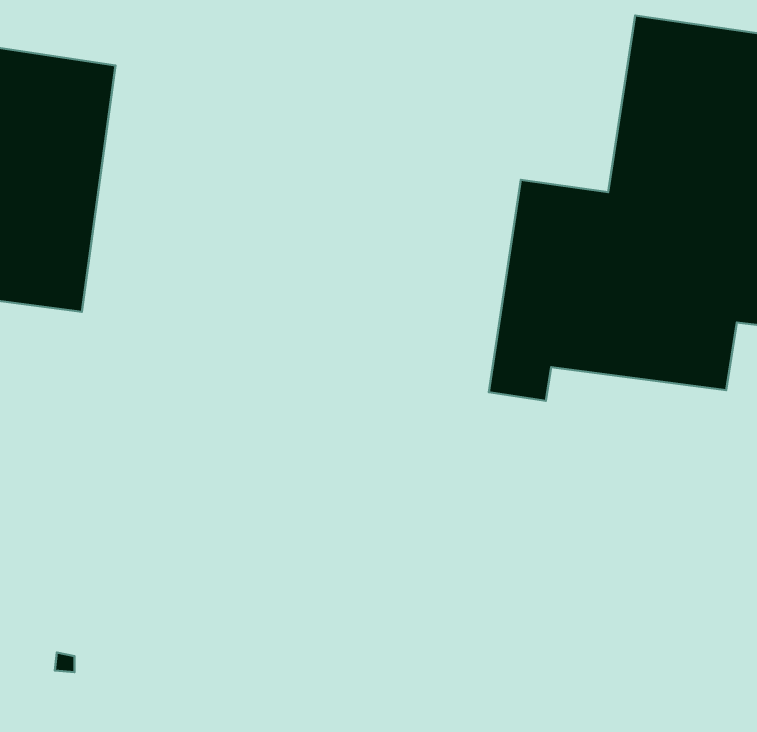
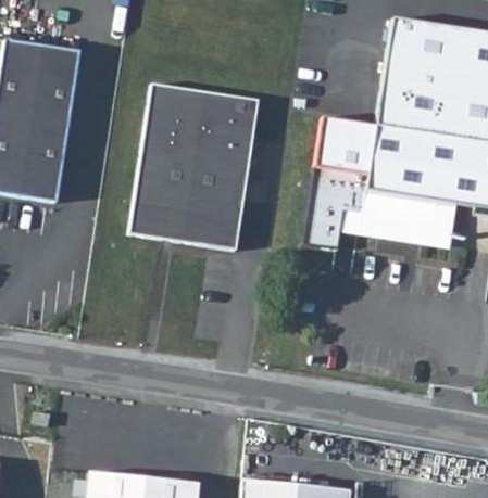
building: none -> [130,82,261,248]

